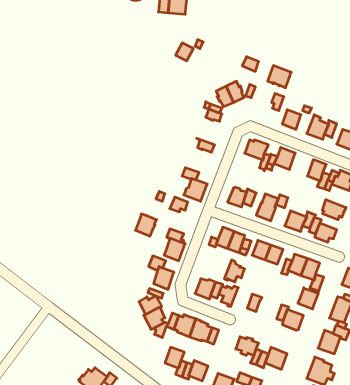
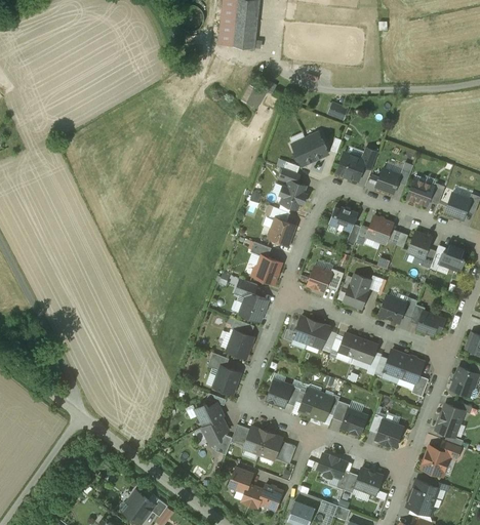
building: [268,66,291,88] -> [335,153,365,180]
building: none -> [279,181,306,209]
building: none -> [268,218,294,245]
building: [322,200,346,220] -> none
building: [135,214,157,236] -> [240,293,267,321]
building: [224,260,245,282] -> [311,393,336,420]
building: [298,288,318,309] -> [341,408,366,435]

